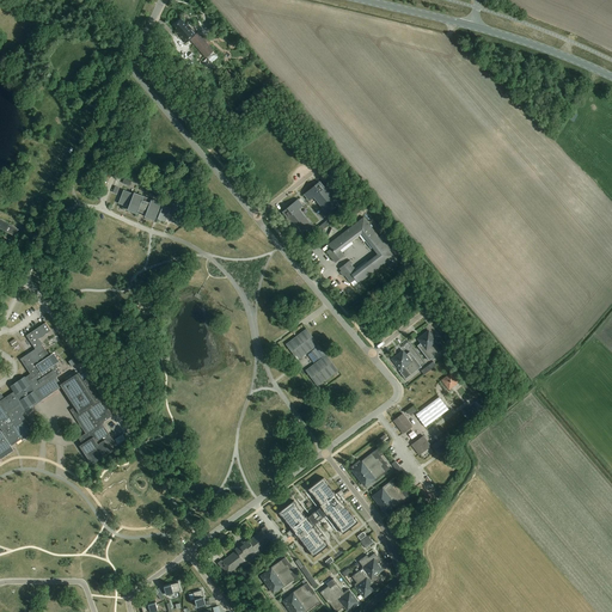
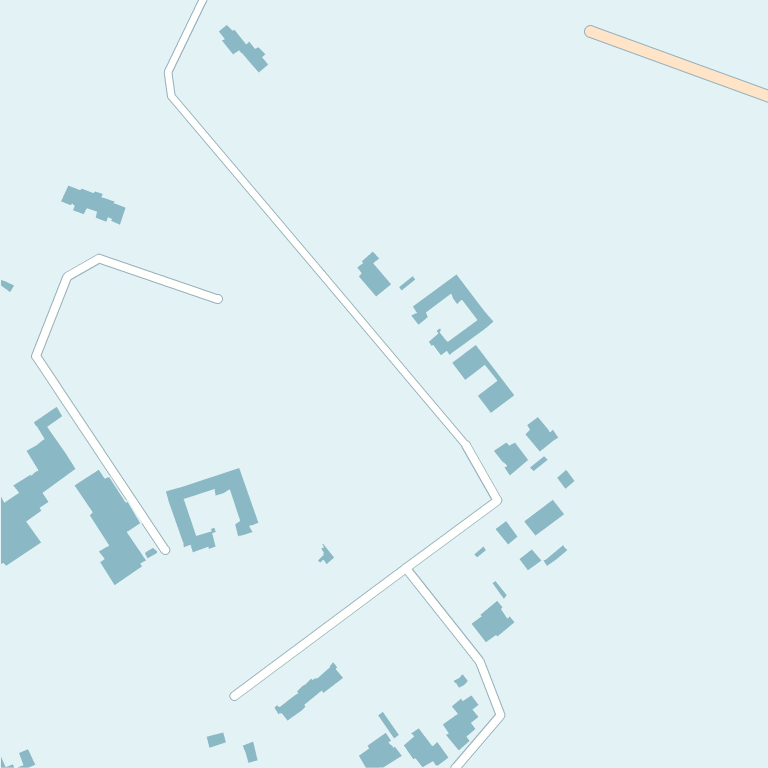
building: [304,183,339,214] -> none
building: [117,190,170,222] -> [60,185,126,225]
building: [287,329,338,385] -> [451,343,516,414]
building: none -> [165,467,259,553]
building: [351,448,390,485] -> none
building: [279,478,359,557] -> none
building: [262,557,299,592] -> none

